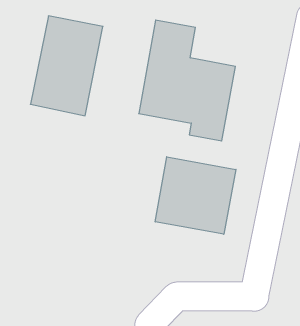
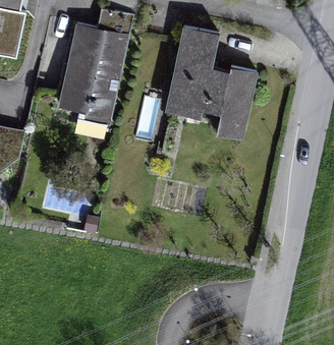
building: [155,157,236,234] -> none

